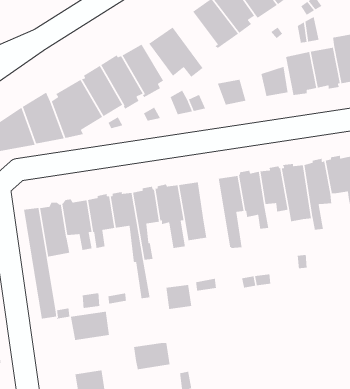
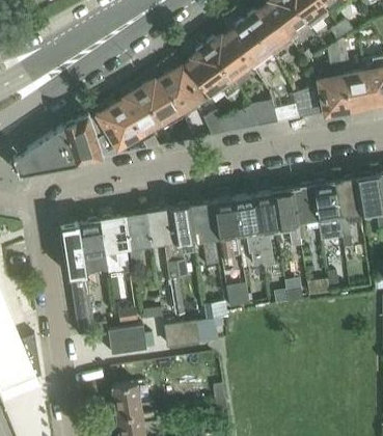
building: none -> [208,34,250,88]
building: none -> [232,196,263,266]
building: [133,342,170,370] -> [164,320,200,347]

